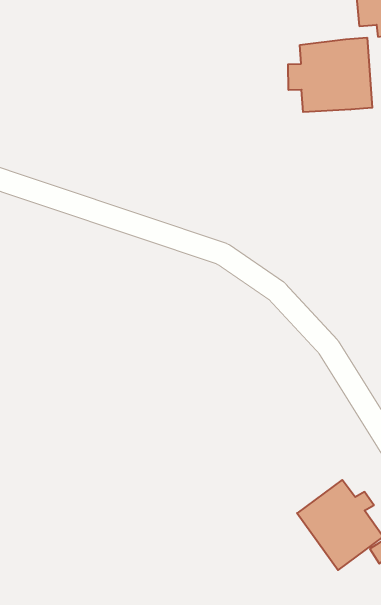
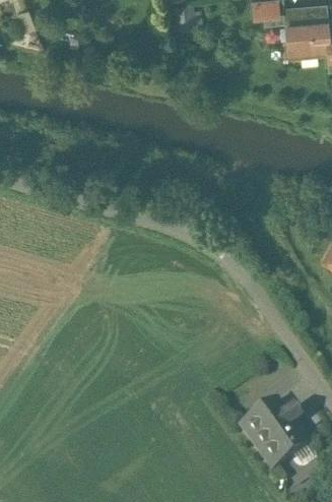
building: [288,38,372,112] -> none

